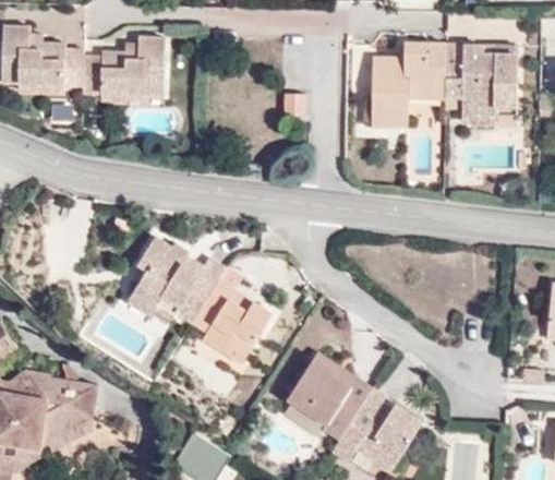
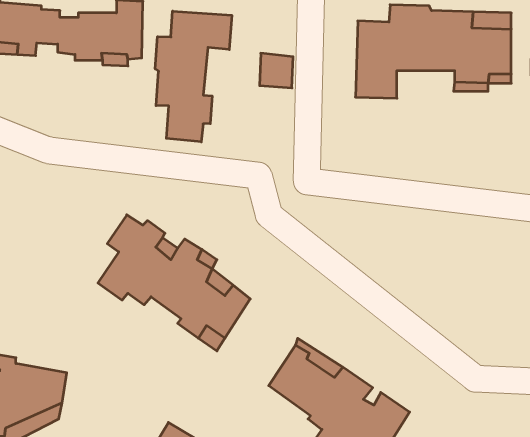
building: none -> [155,11,232,142]

